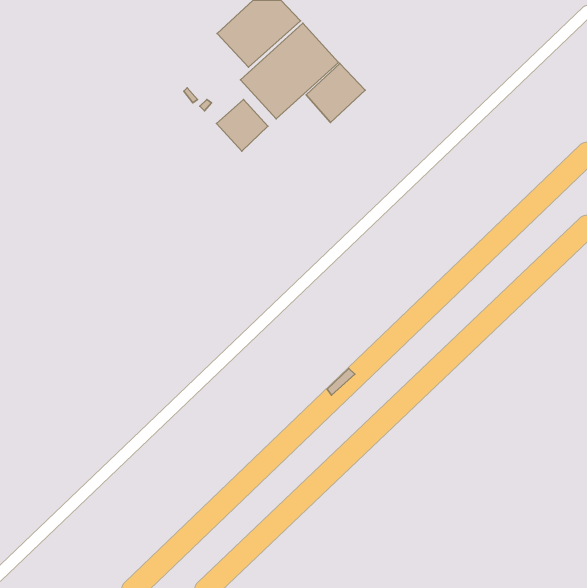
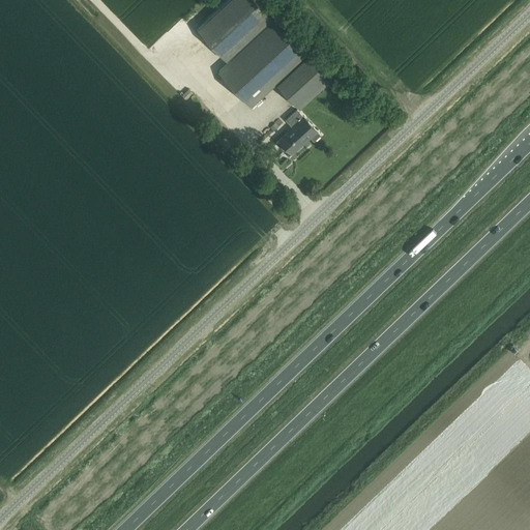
building: [217,99,268,151] -> none
building: none -> [277,111,318,155]

